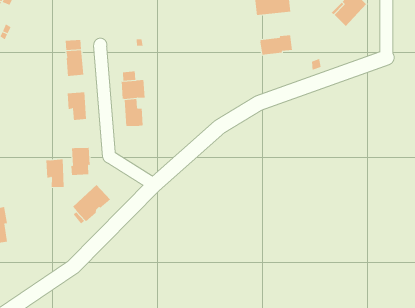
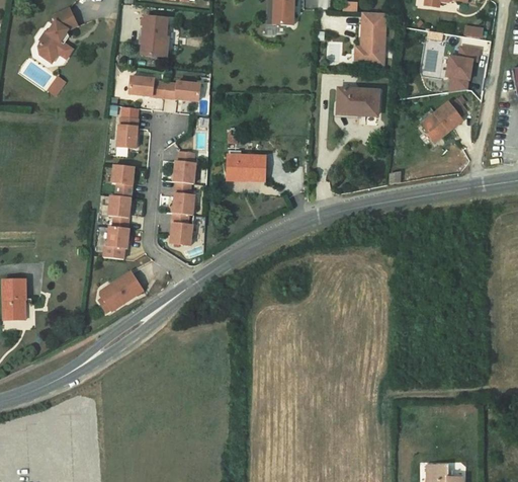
building: none -> [128,77,199,101]
building: [260,34,292,56] -> none
building: none -> [227,156,265,181]
building: none -> [170,213,192,245]
building: [45,159,65,187] -> [108,195,131,229]

